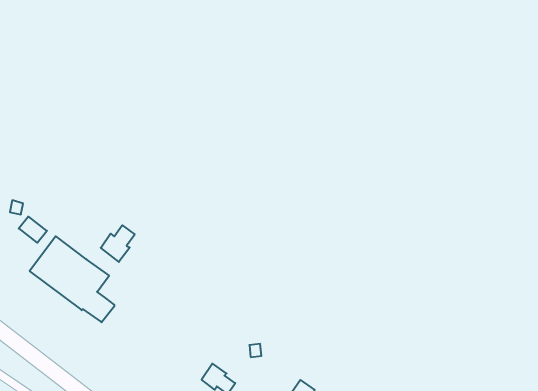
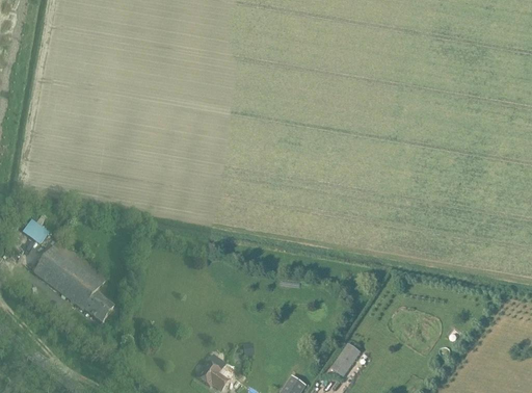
building: [101,225,135,262] -> none
building: none -> [329,341,358,374]

